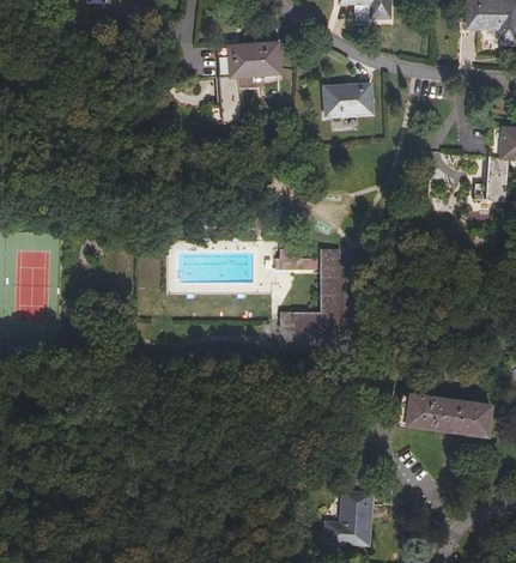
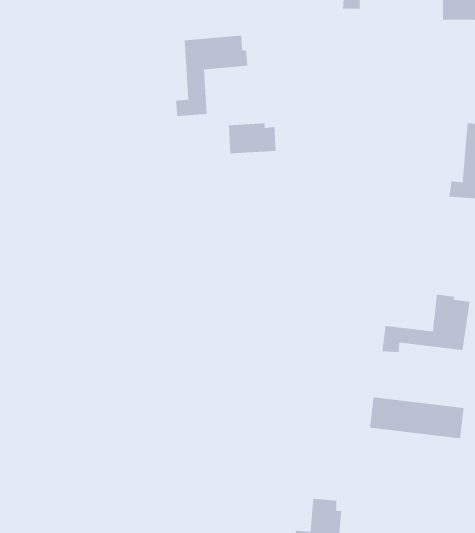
building: [326,85,372,115] -> [228,123,277,154]
building: [277,248,340,331] -> none
building: none -> [382,294,470,353]

